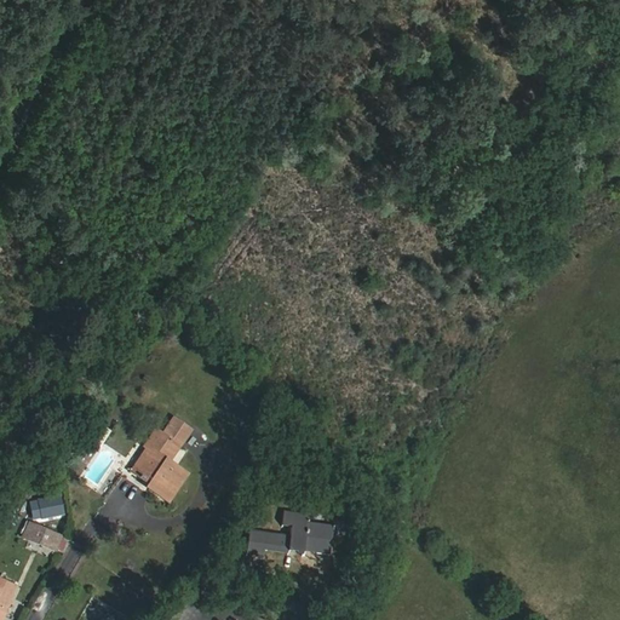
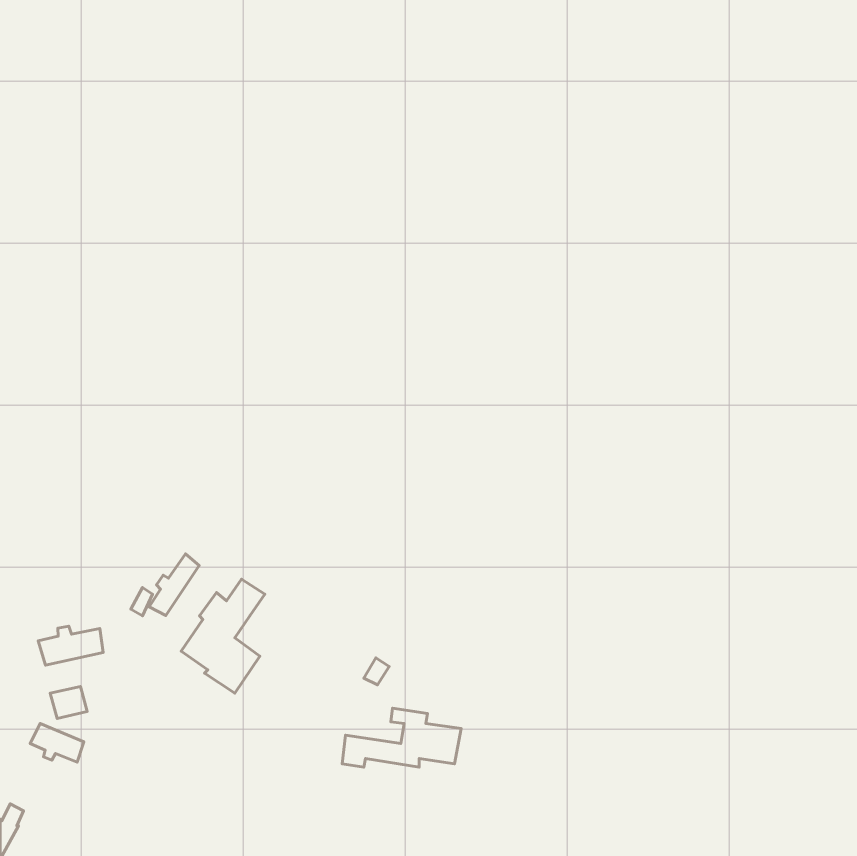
building: none -> [149,554,199,616]
building: none -> [38,626,103,665]

